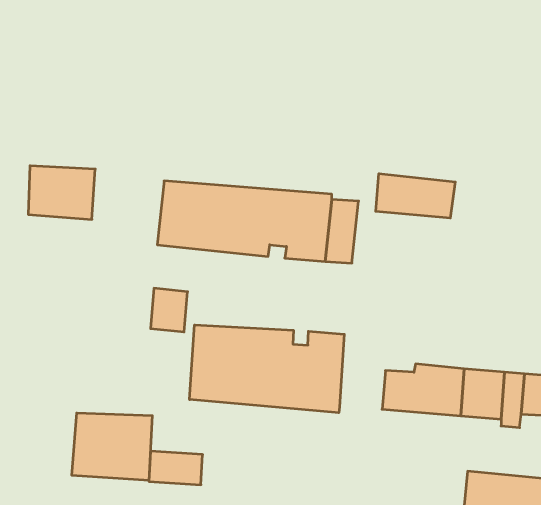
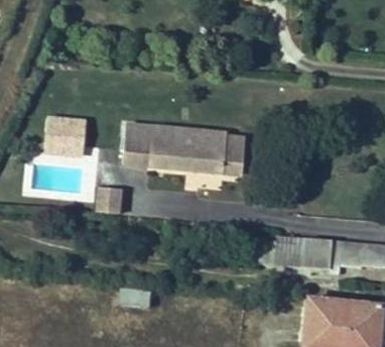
building: [376,174,455,218] -> none
building: [190,325,344,413] -> none
building: [72,413,152,480] -> none

